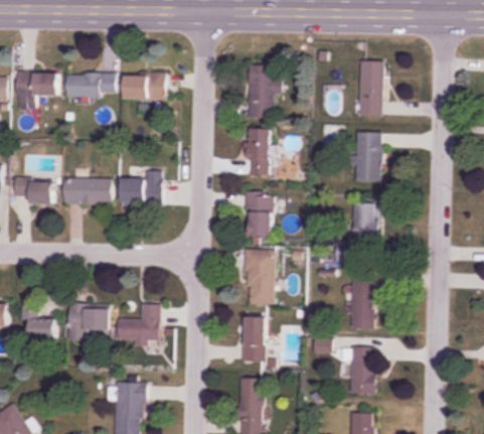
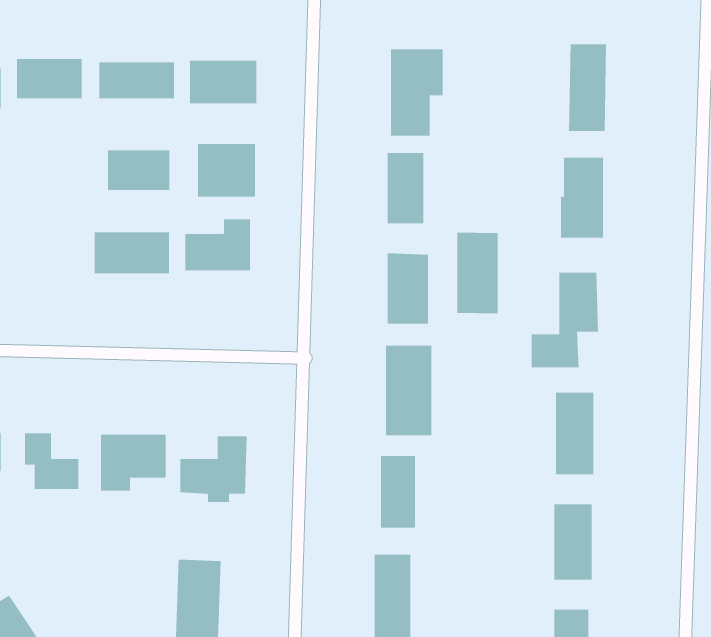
building: none -> [198,143,256,198]
building: [14,178,53,203] -> [107,150,170,190]
building: none -> [457,232,498,314]

